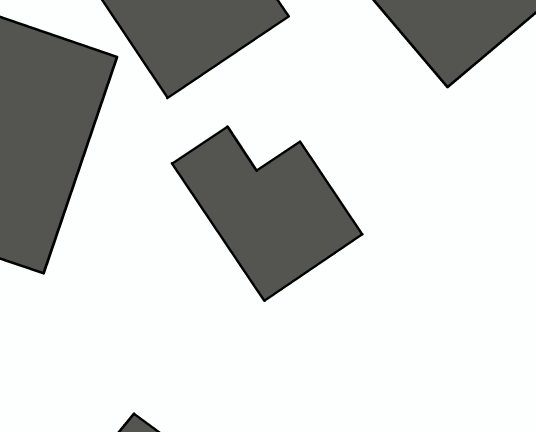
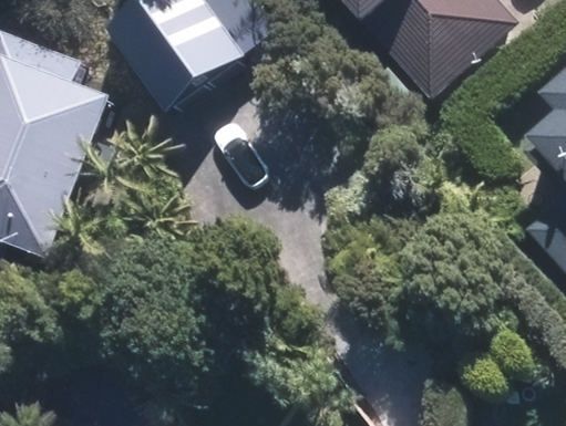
building: [172,127,362,301] -> none

